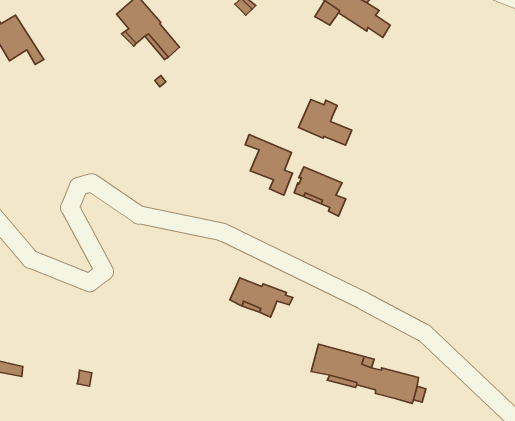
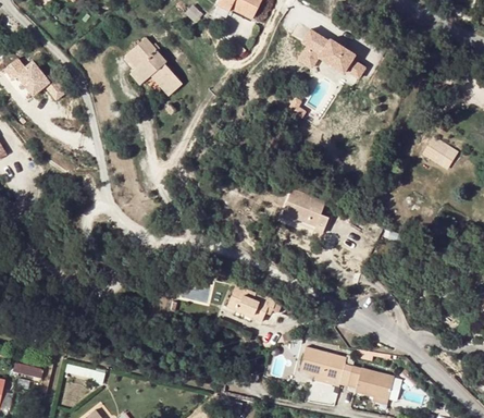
building: [299,100,352,145] -> none
building: none -> [422,135,459,169]
building: [245,134,293,195] -> none

